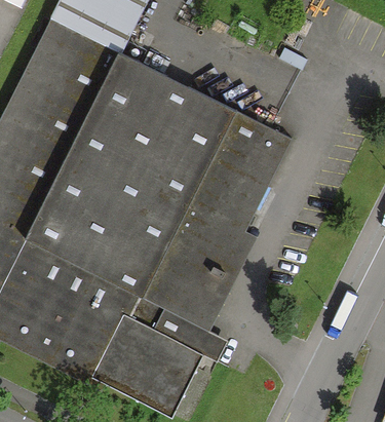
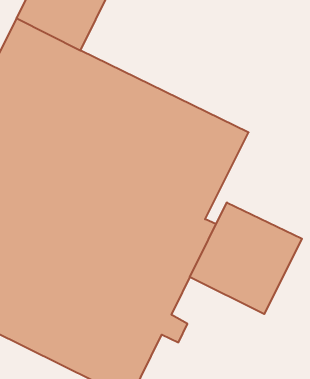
building: none -> [190,202,302,314]

